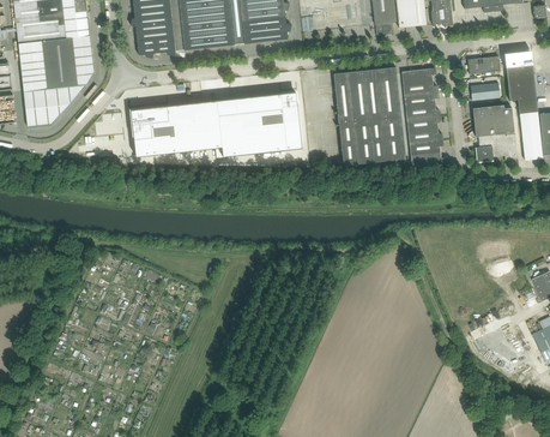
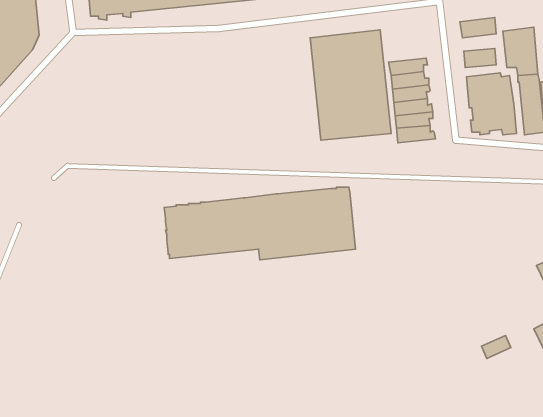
building: [401,67,437,95] -> none
building: [132,92,302,157] -> [164,187,356,260]

